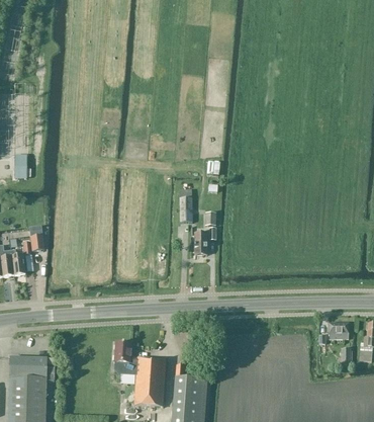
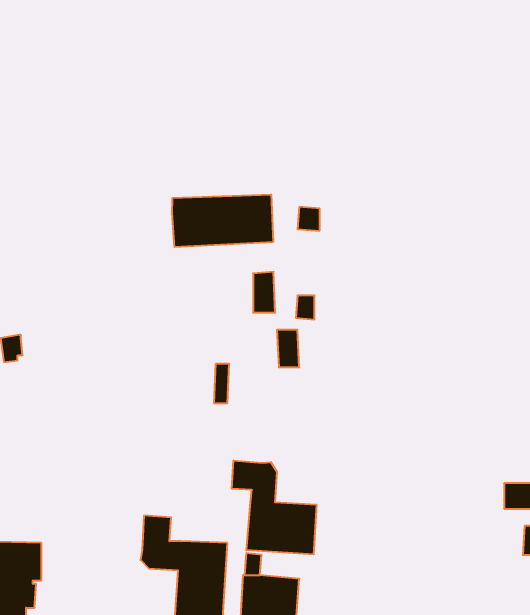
building: none -> [172,194,273,247]
building: none -> [232,460,316,554]

